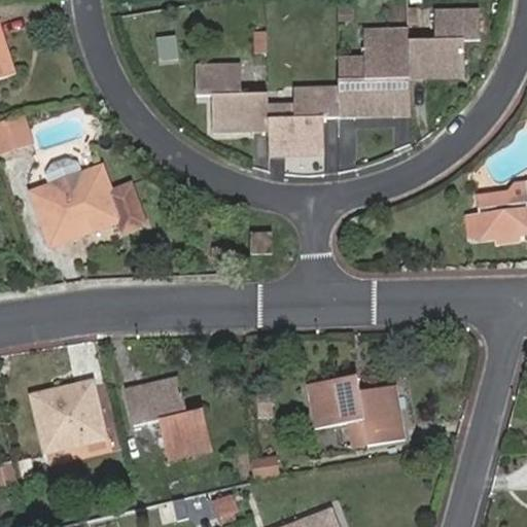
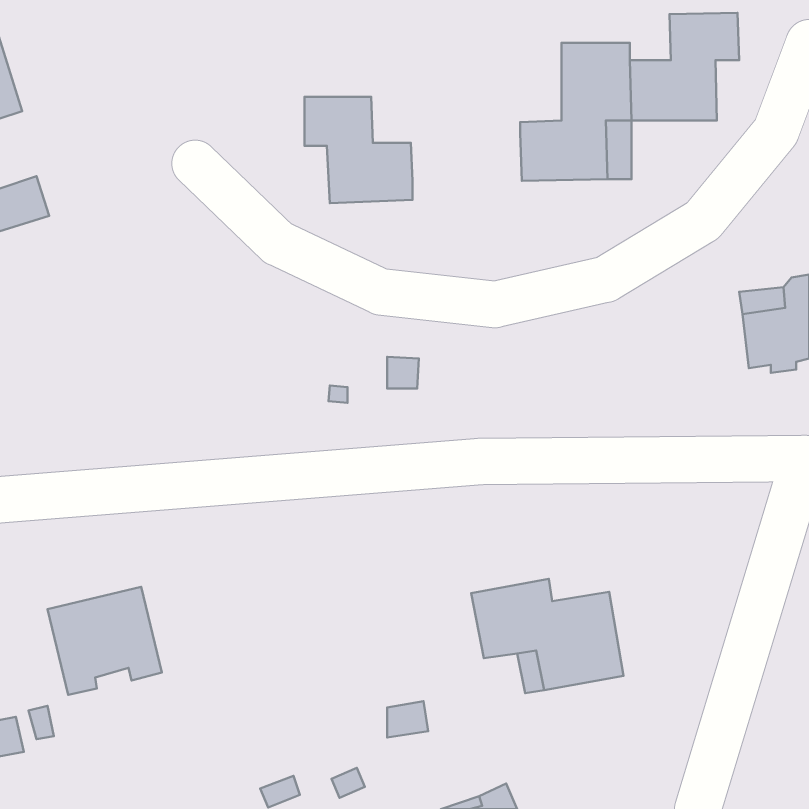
building: [268,86,339,155] -> none
building: [30,155,142,245] -> none
building: [126,376,212,461] -> none

